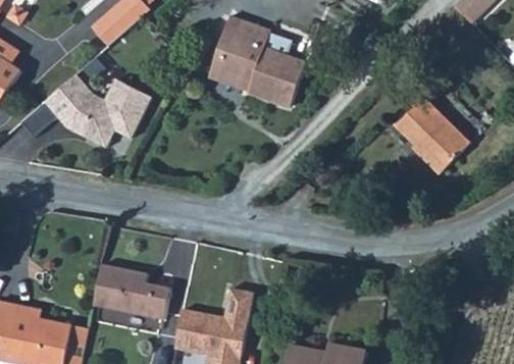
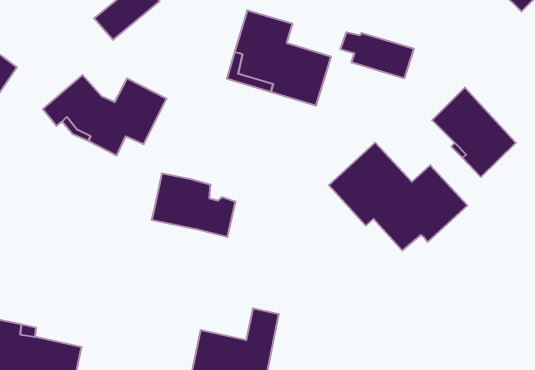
building: none -> [340,32,414,78]
building: none -> [329,143,467,250]
building: [96,264,171,321] -> [152,173,236,237]

